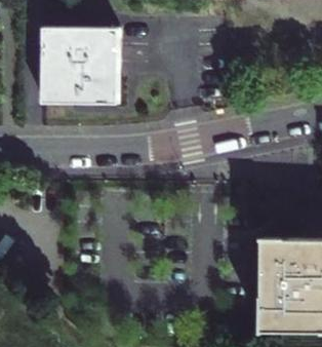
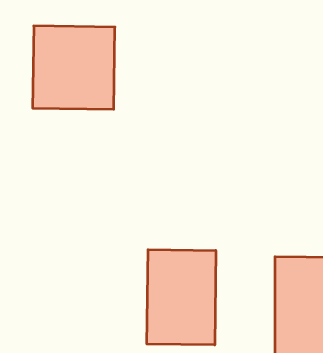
building: none -> [147,250,216,345]

